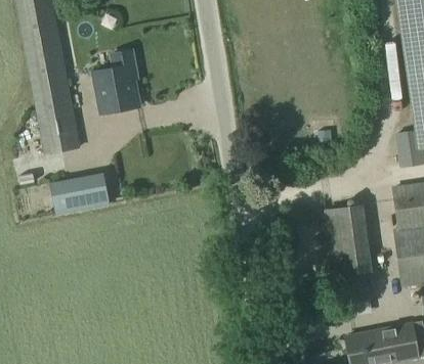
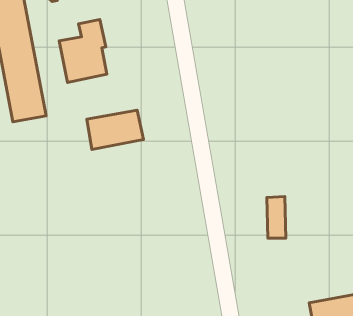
building: [49,173,107,213] -> [87,110,143,150]
building: [324,203,374,274] -> none

